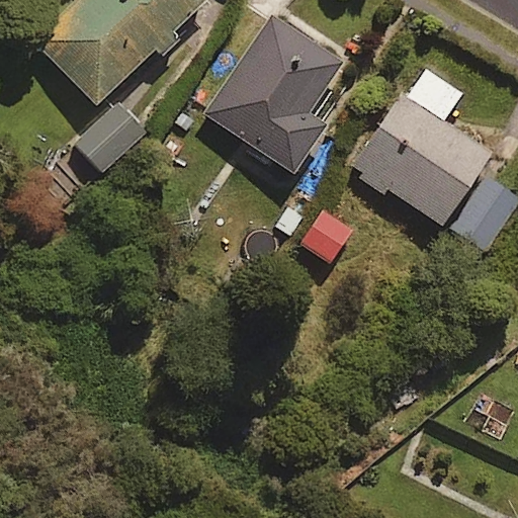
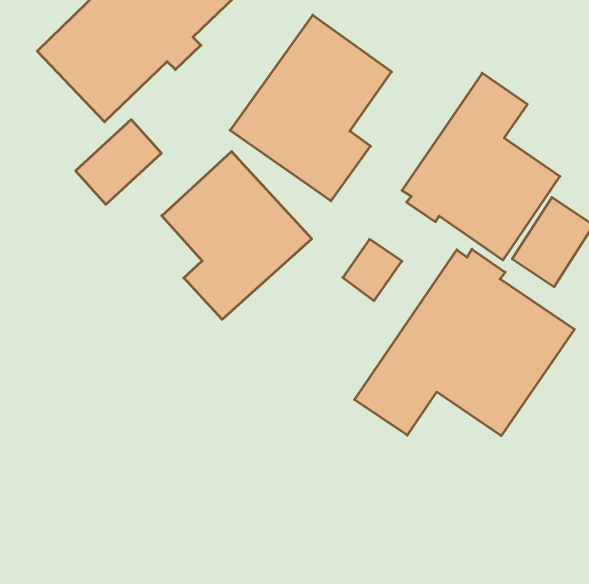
building: none -> [162,151,312,319]
building: none -> [354,249,574,436]

